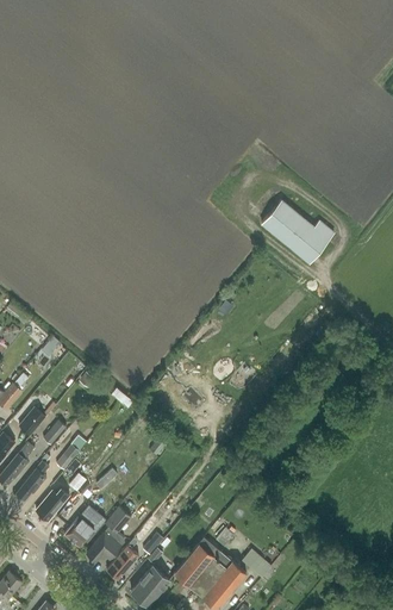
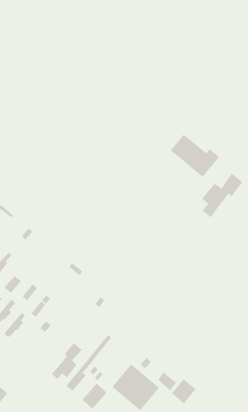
building: none -> [201,173,243,218]
building: [35,488,69,521] -> none
building: [64,512,99,547] -> none
building: none -> [171,378,196,404]

